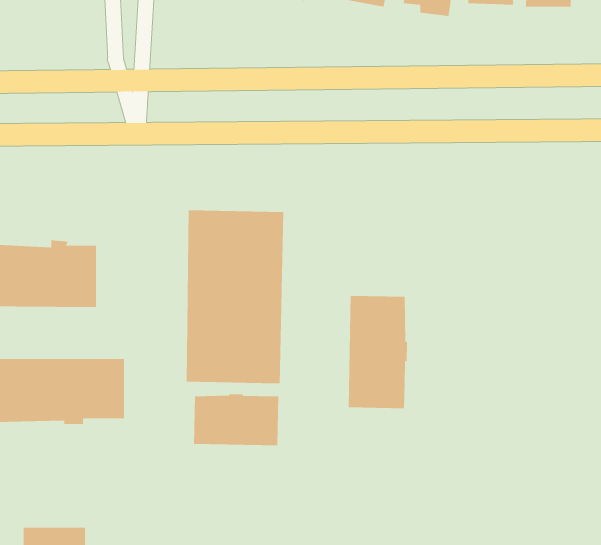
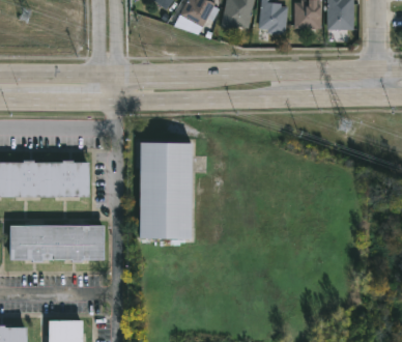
building: [348,295,408,409] -> none
building: [193,393,279,446] -> none

